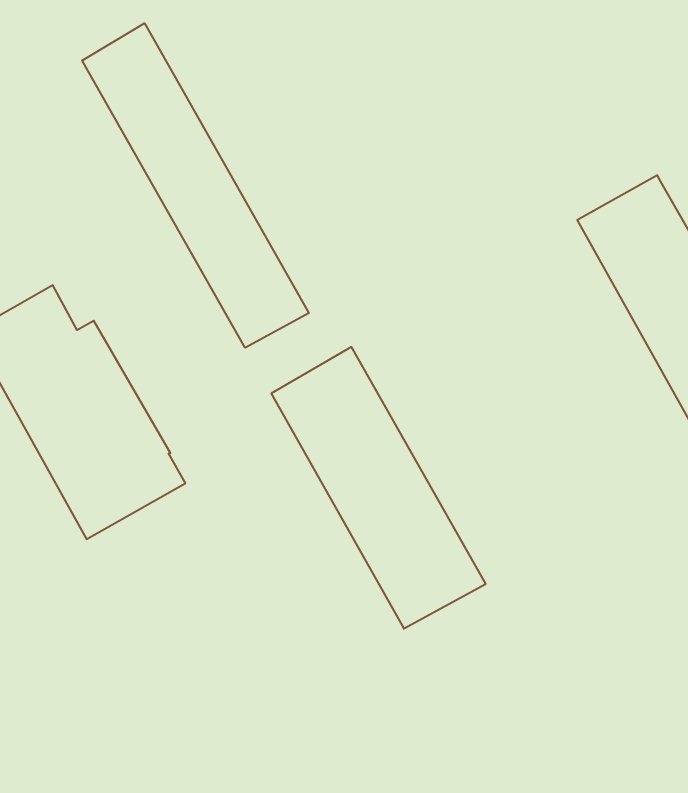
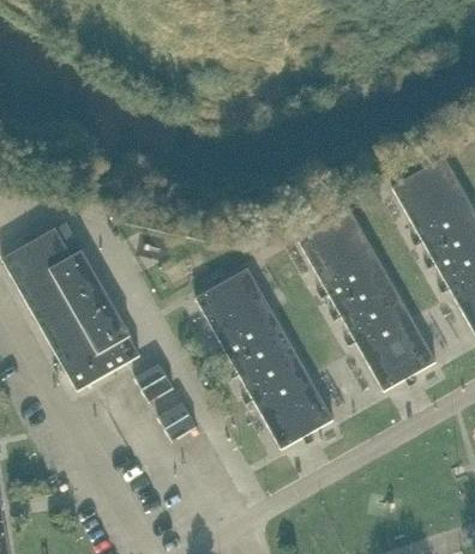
building: [82,23,309,348] -> none
building: none -> [297,209,437,390]

